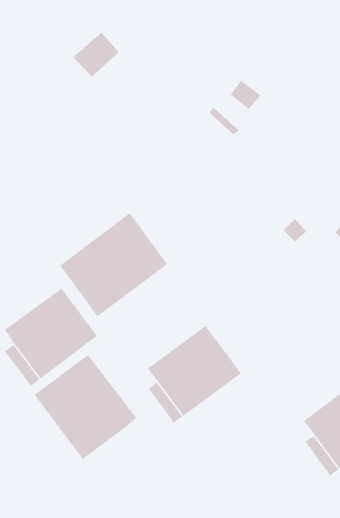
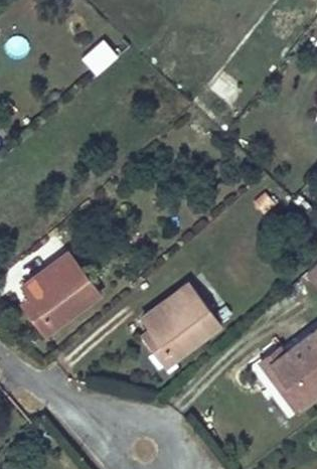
building: [59,213,168,317] -> none
building: [34,354,137,460] -> none

